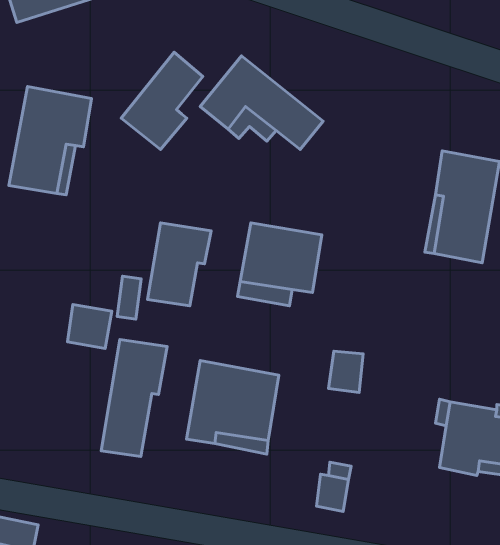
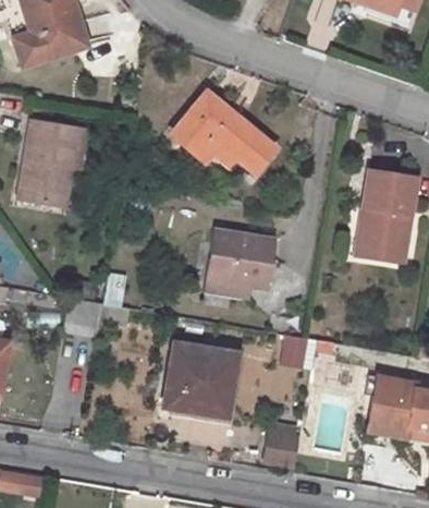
building: [121,52,203,150] -> none
building: [147,223,211,306] -> none
building: [101,339,167,456] -> none

